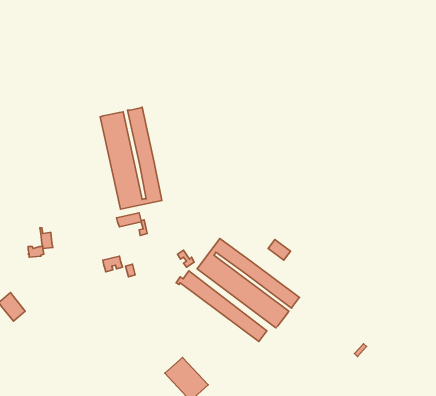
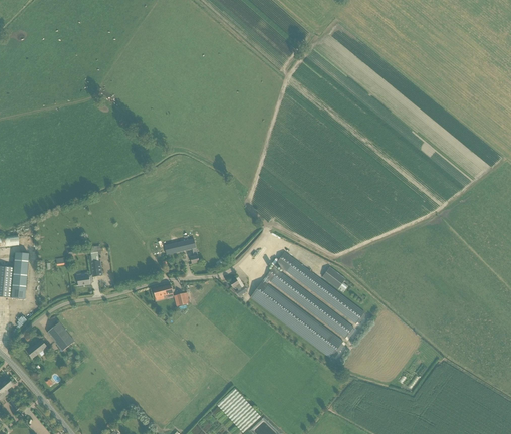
building: [100,107,162,209] -> none
building: [176,271,267,342] -> [271,251,363,323]

